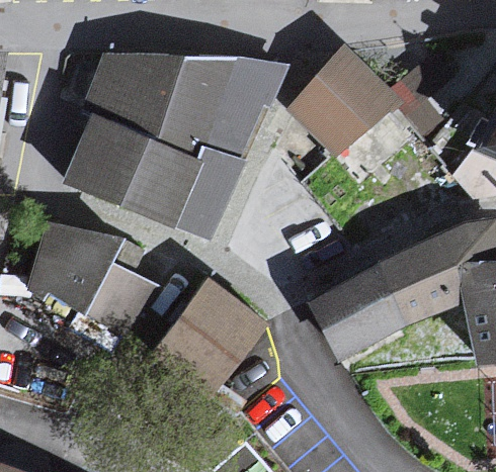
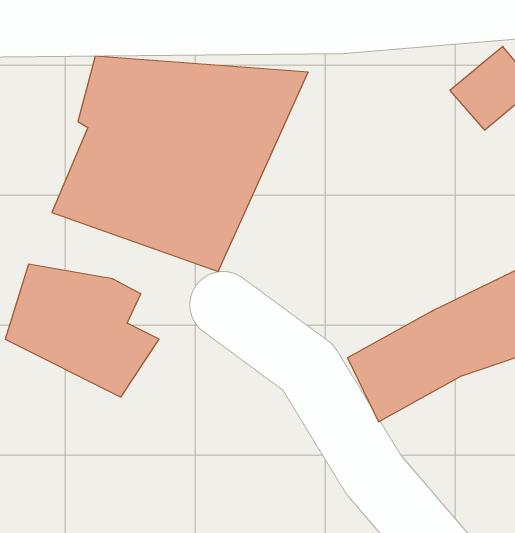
building: [292,52,394,150] -> none
building: [155,285,259,393] -> none

